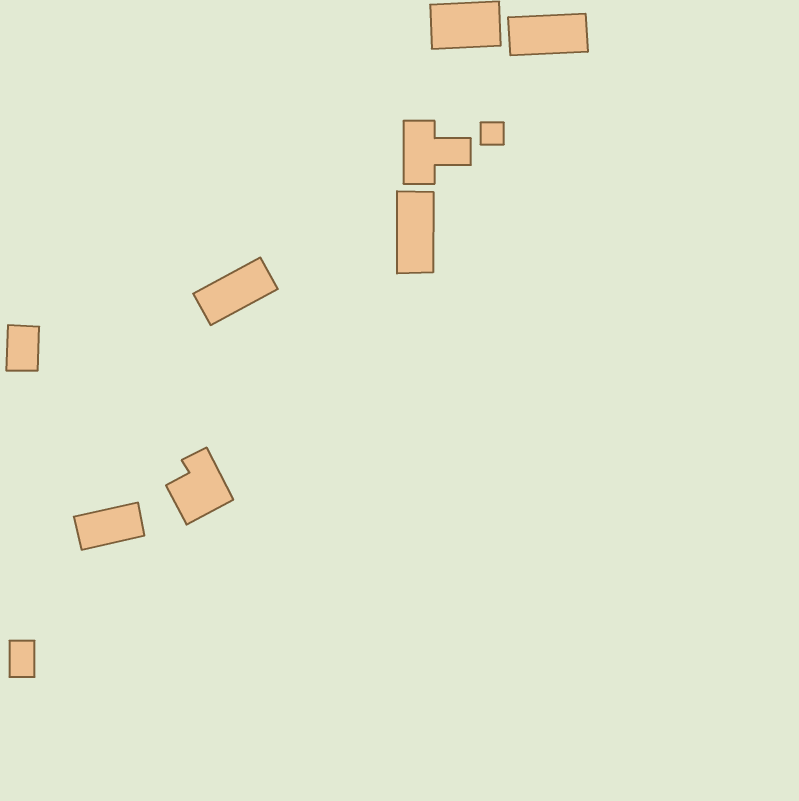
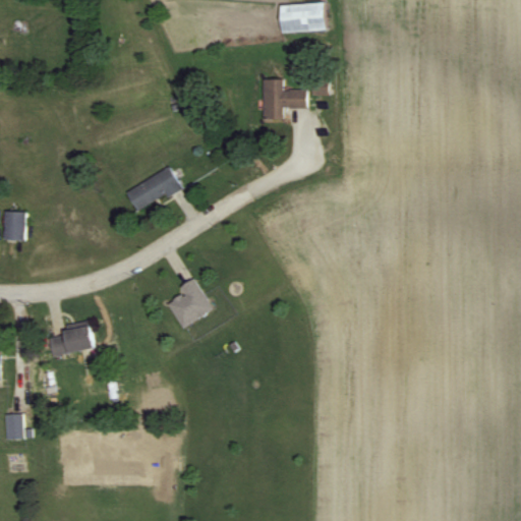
building: [508,14,588,55] -> none
building: [397,191,433,274] -> none
building: [166,448,233,525] -> [169,278,213,328]

